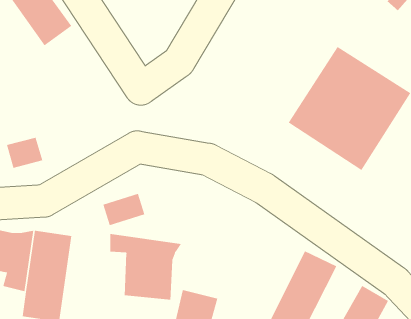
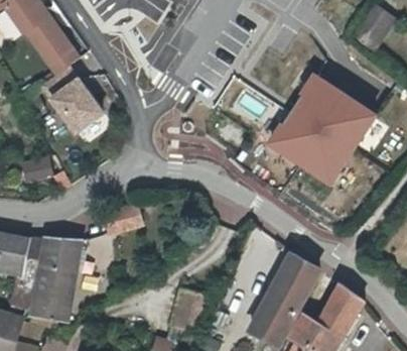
building: none -> [43,64,103,129]
building: [110,233,182,301] -> none

